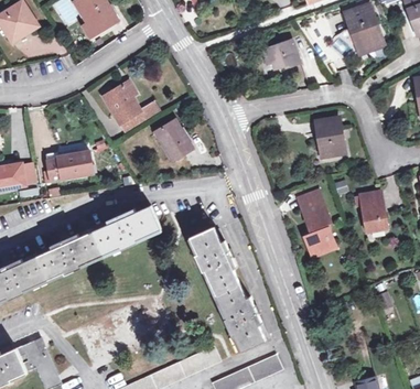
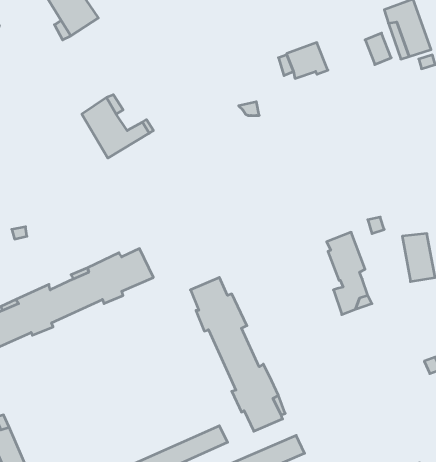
building: [316,118,345,156] -> none
building: [155,120,193,161] -> none
building: [45,150,89,179] -> none

